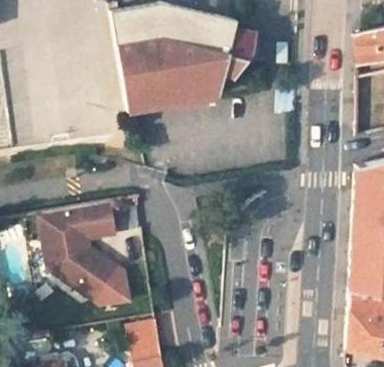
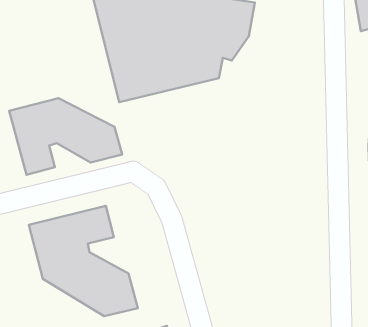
building: none -> [9,98,122,175]

